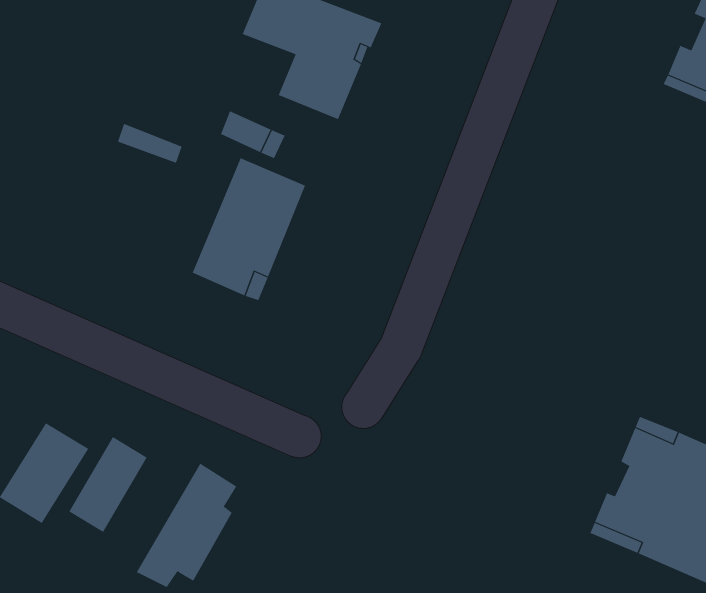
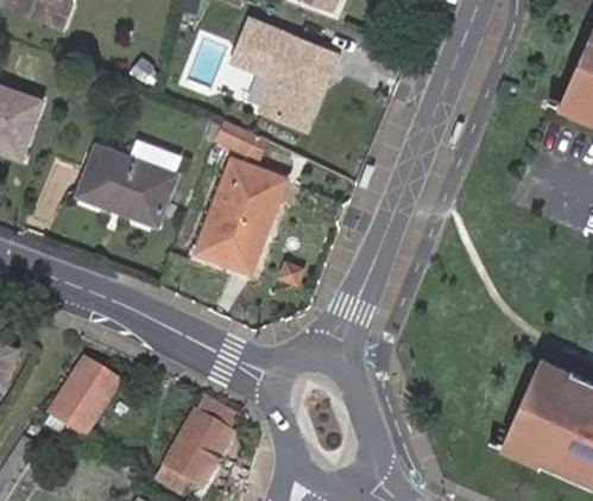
building: none -> [74,148,174,226]
building: [69,436,148,533] -> none

